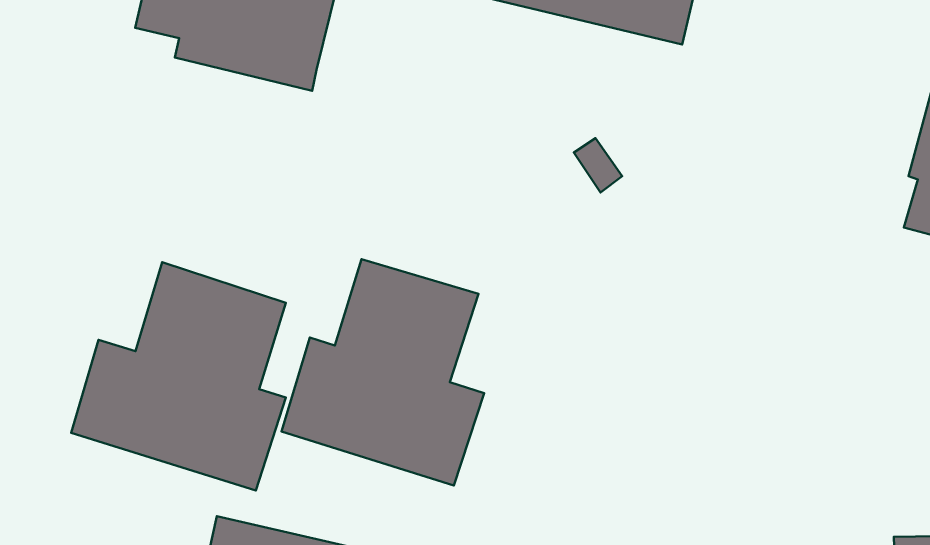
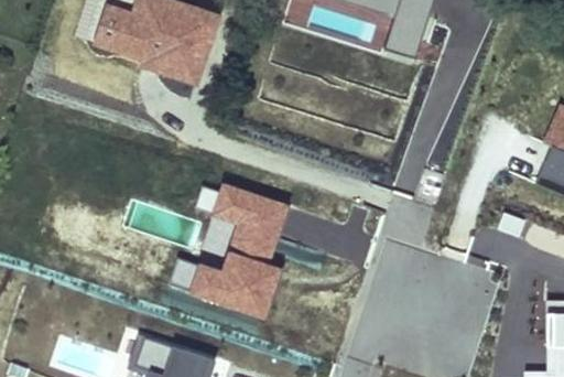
building: [71,262,286,491] -> none

